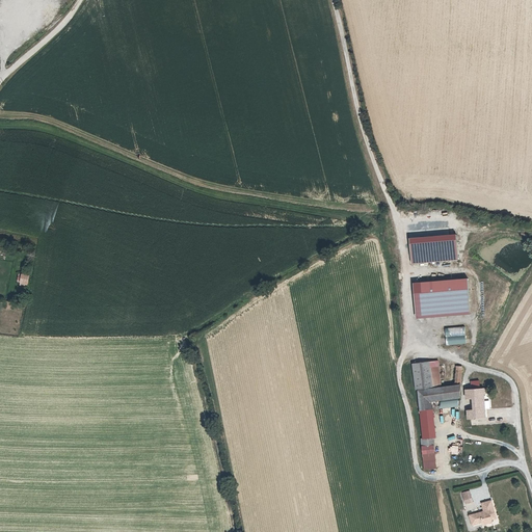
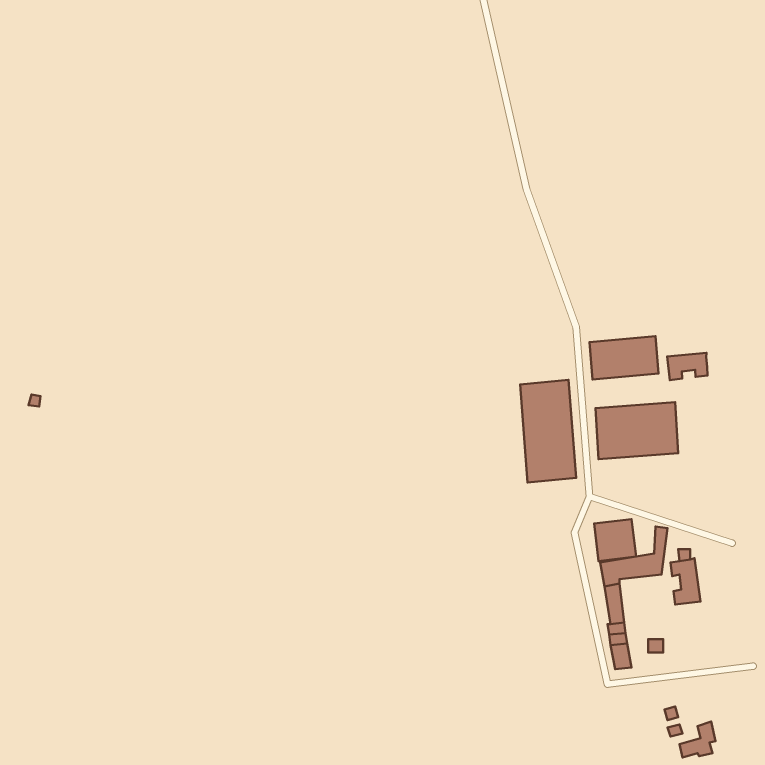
building: none -> [667,353,708,380]
building: none -> [520,380,576,482]

